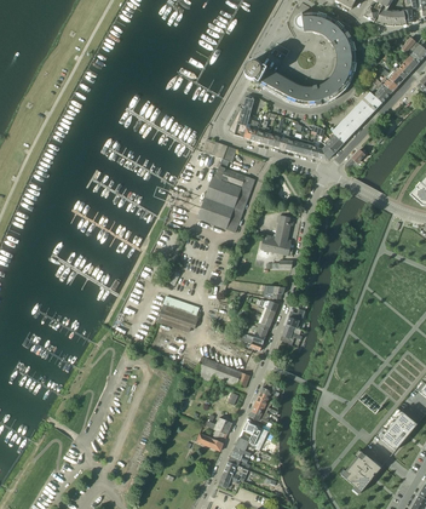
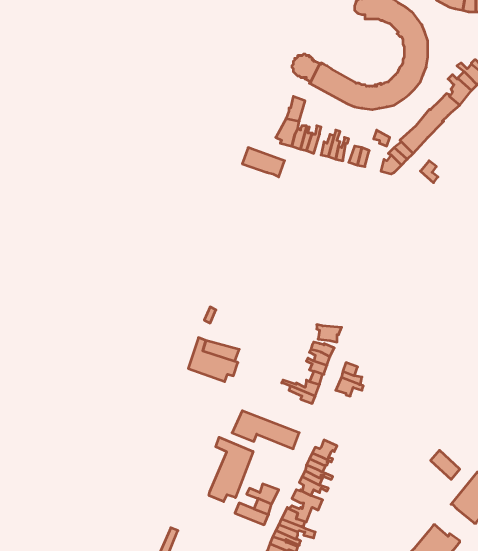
building: [197,166,255,231] -> none
building: [261,216,293,254] -> none
building: none -> [209,437,253,502]

